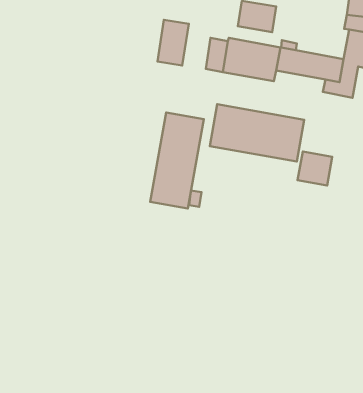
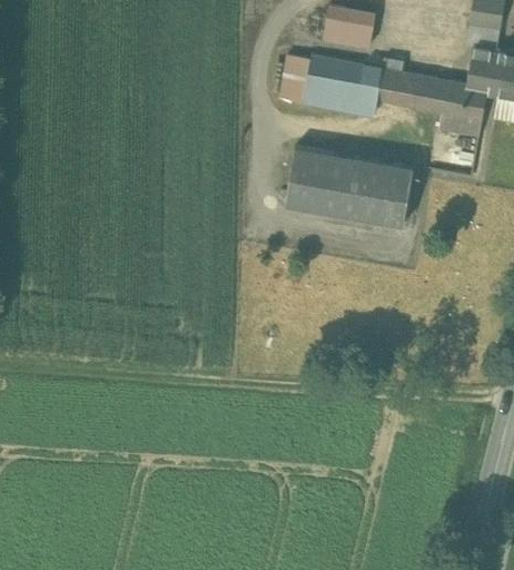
building: [157,20,189,66] -> none
building: [150,112,204,209] -> none
building: [298,151,332,186] -> none

